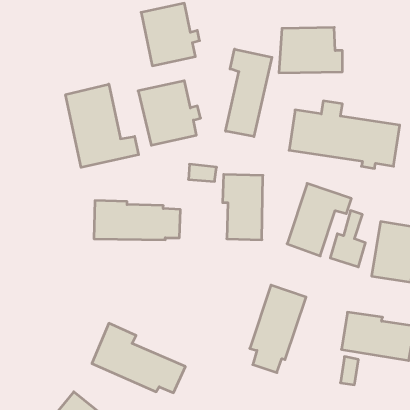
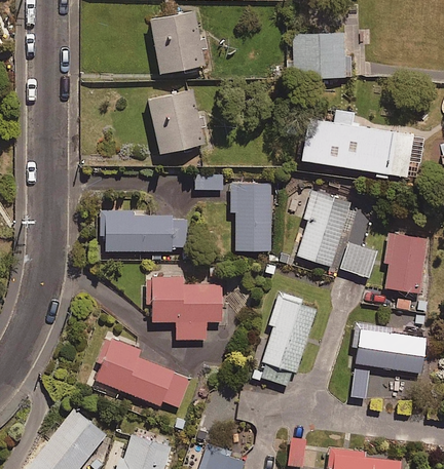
building: [226,49,272,137] -> none
building: [66,84,139,167] -> none
building: none -> [148,274,221,341]

